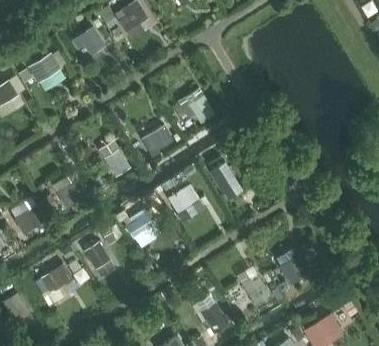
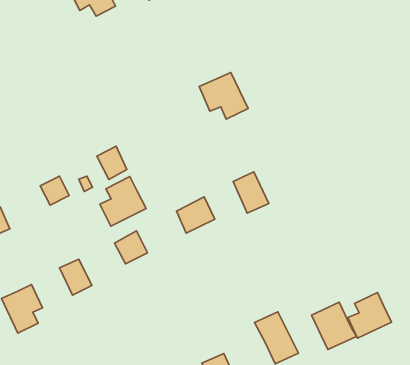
building: [30,52,62,82] -> none
building: [142,125,172,158] -> none
building: none -> [100,176,146,226]
building: none -> [348,293,391,338]

